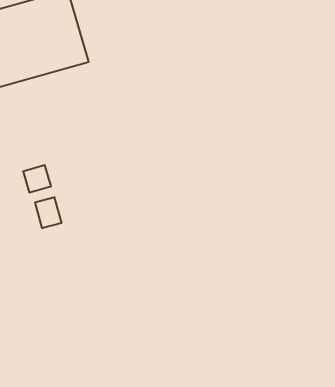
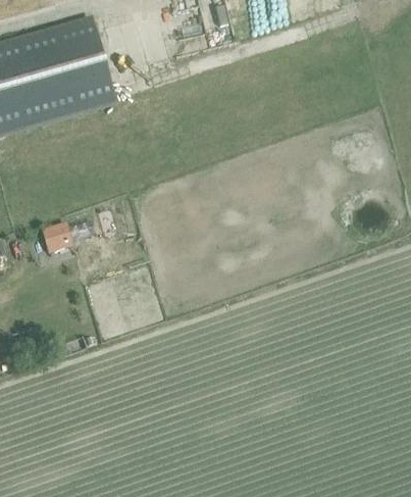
building: [35,197,61,228] -> none

